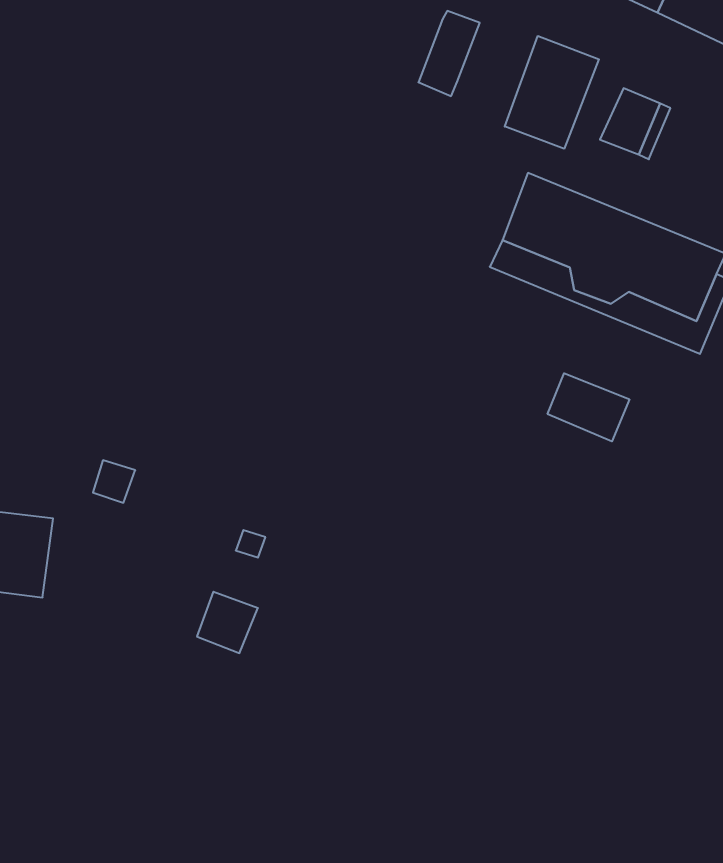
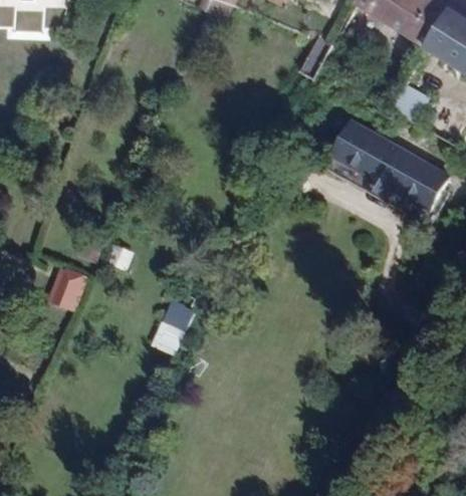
building: [505,36,599,149] -> none
building: [548,373,629,441] -> none

